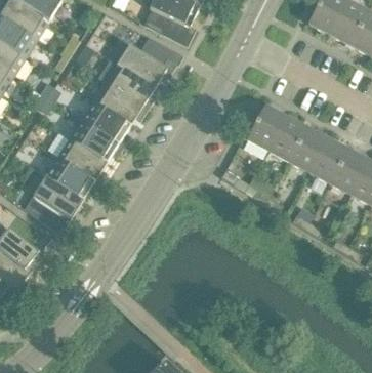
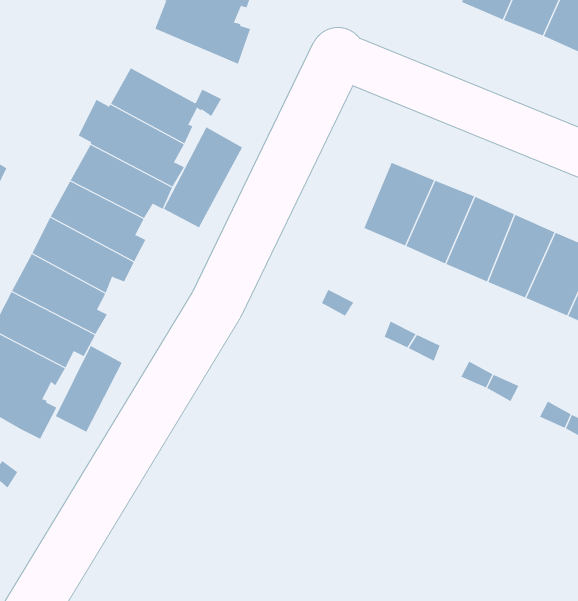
building: none -> [163,126,243,228]
building: none -> [55,345,123,432]

